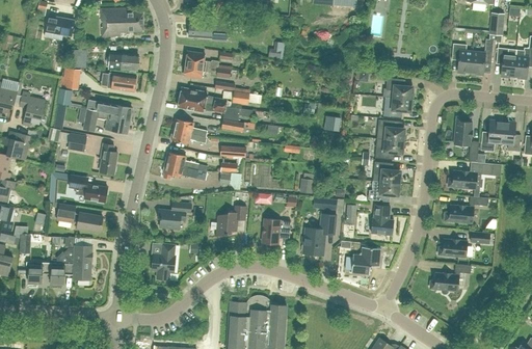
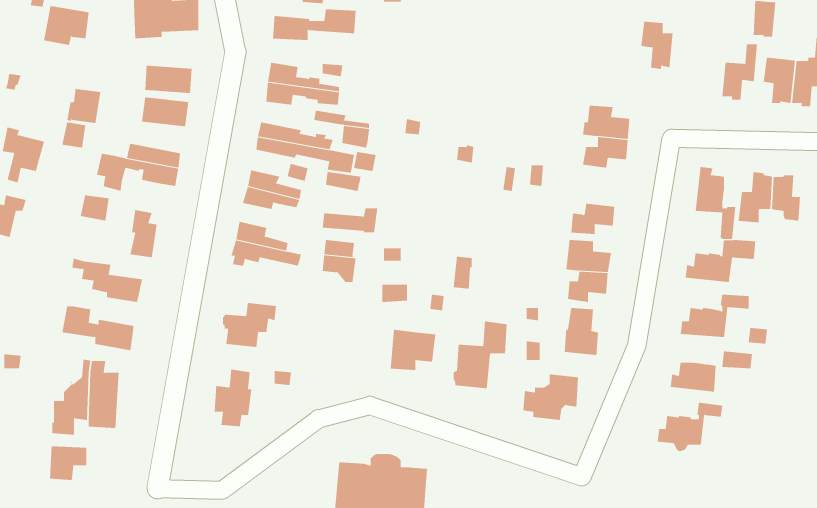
building: [451,44,472,74] -> [640,21,674,69]
building: [377,119,404,141] -> none
building: [215,206,246,237] -> none
building: [27,262,51,284] -> [49,446,87,481]

